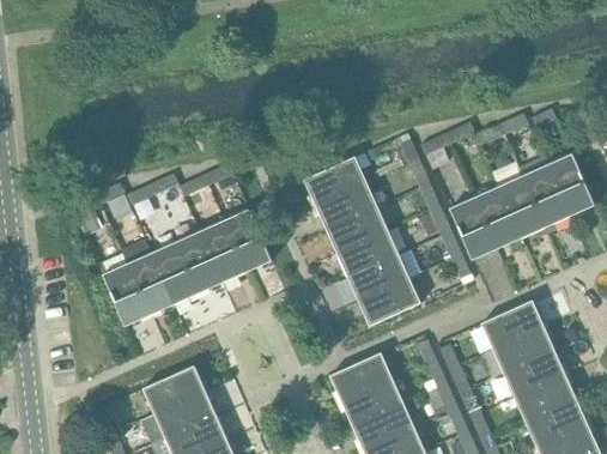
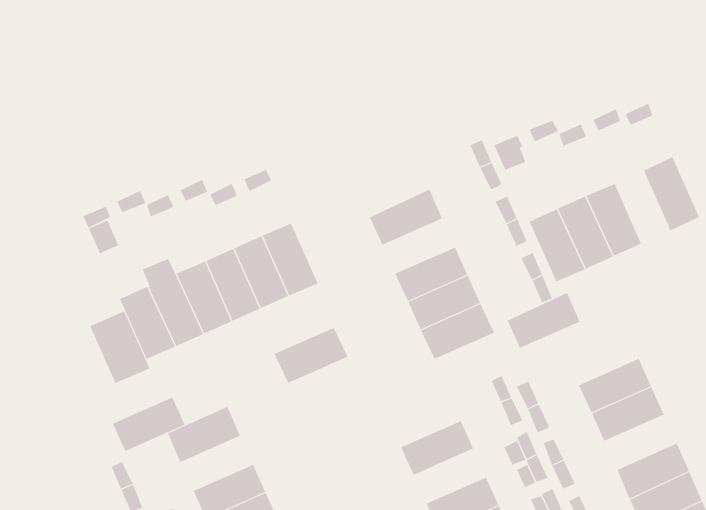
building: [304,152,371,205] -> none
building: [523,165,570,228] -> none
building: [326,206,388,253] -> none
building: none -> [89,311,150,384]
building: [481,299,544,347] -> [507,292,580,349]
building: [329,352,393,400] -> [274,327,348,383]
building: [514,373,576,419] -> none
building: [154,391,217,437] -> [112,397,186,452]
building: [352,397,421,448] -> none

